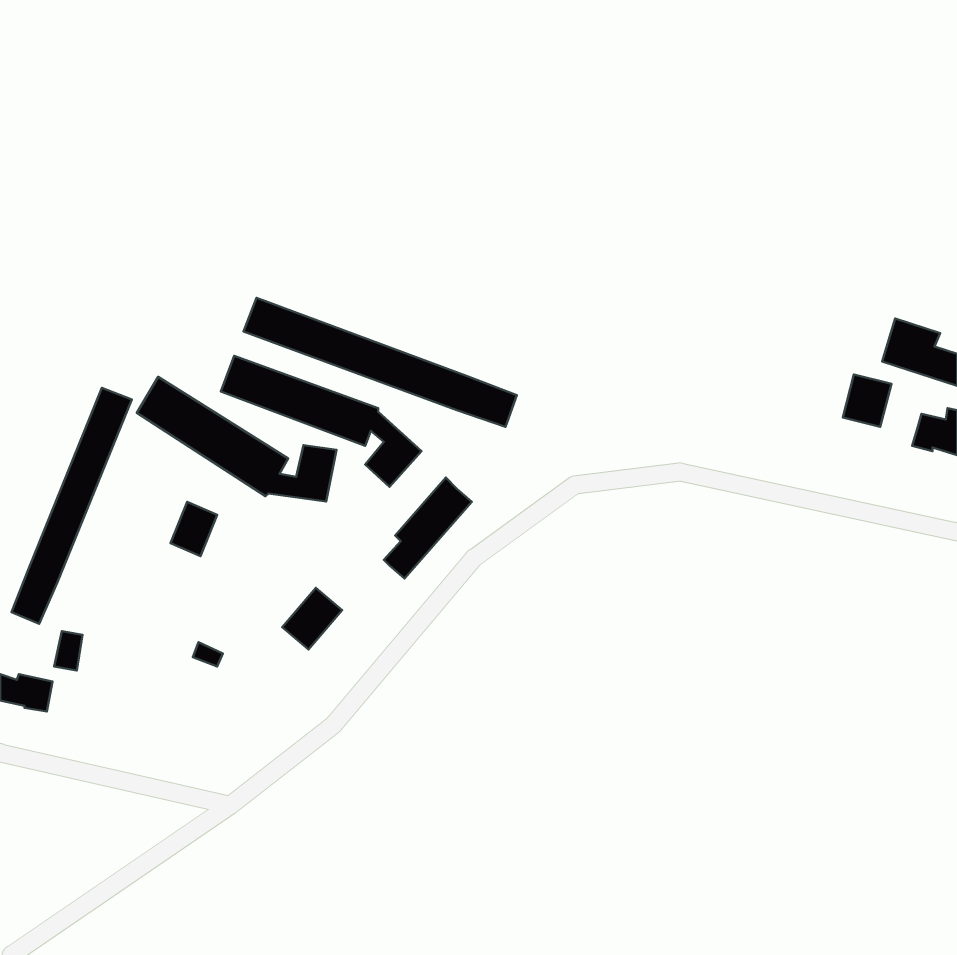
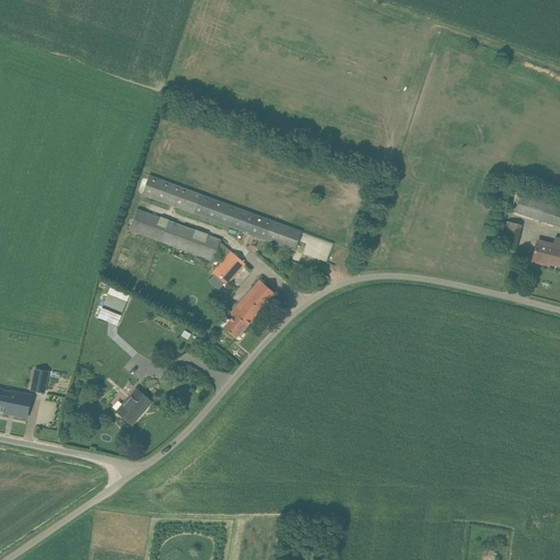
building: [137,377,336,501] -> none
building: [12,388,132,624] -> none
building: [282,588,342,650] -> [117,388,152,424]

